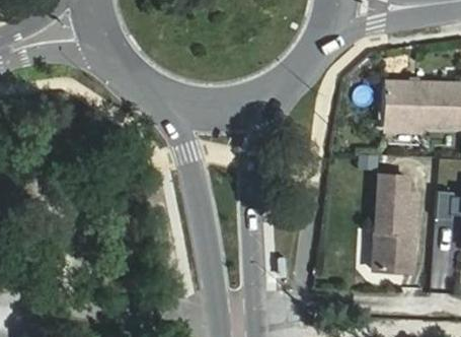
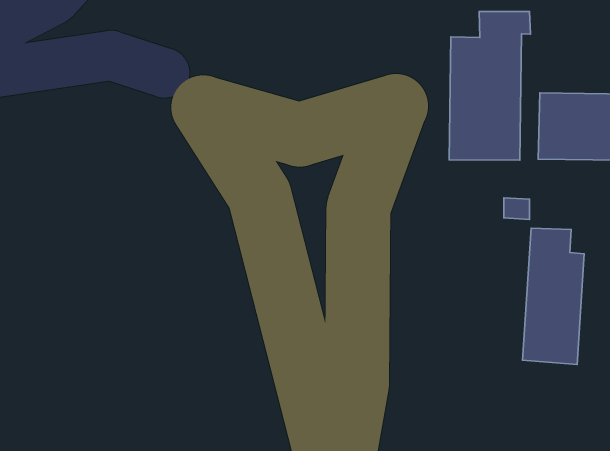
building: none -> [449,11,531,160]

